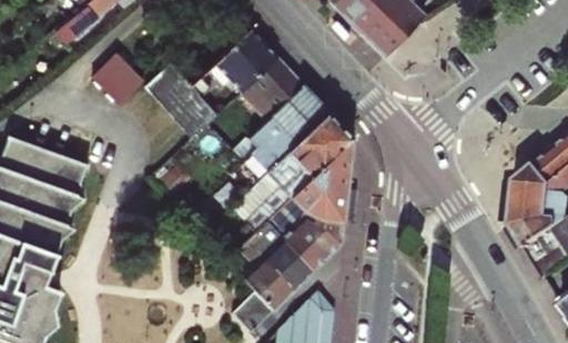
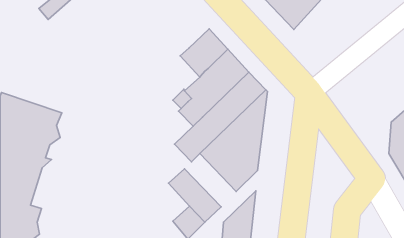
building: [213,30,277,93] -> none
building: [91,58,142,109] -> none
building: [143,65,217,141] -> none
building: [245,221,313,291] -> none

